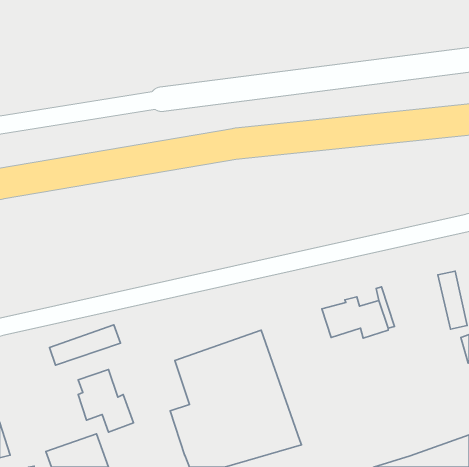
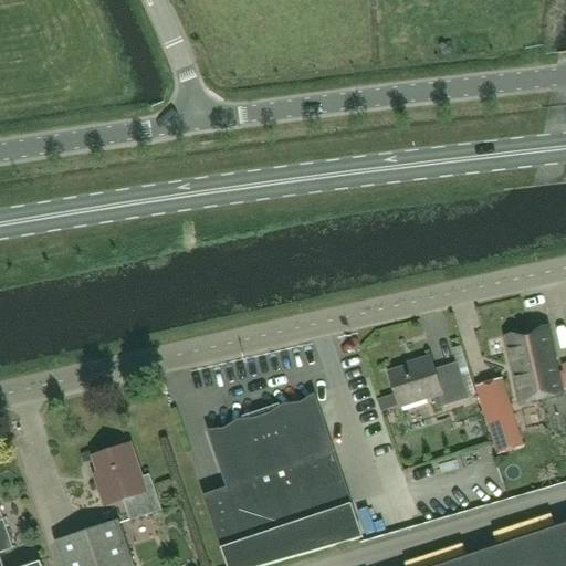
building: none -> [505,331,542,400]
building: none -> [475,376,522,451]
building: [49,325,121,365] -> none

